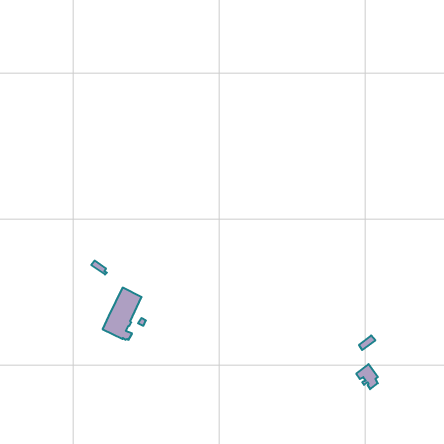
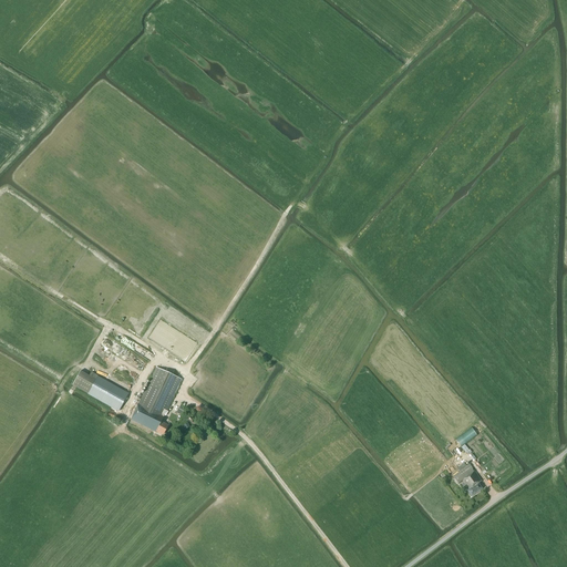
building: none -> [72,371,127,411]

